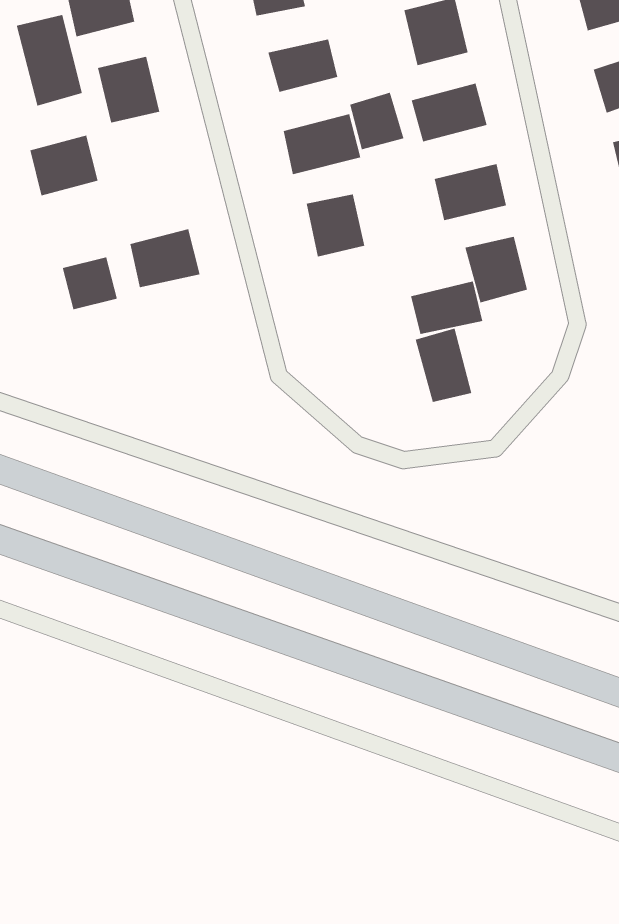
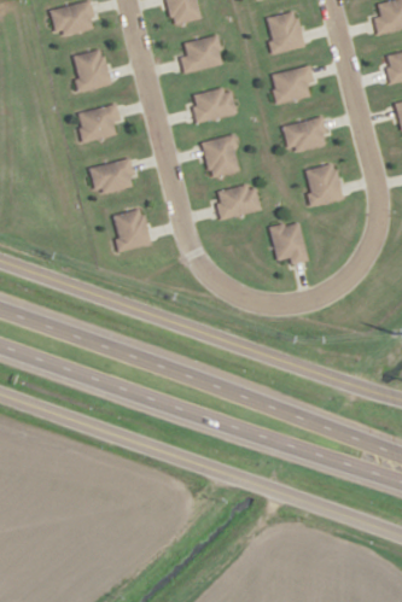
building: [16,14,82,107] -> none
building: [349,92,404,150] -> none
building: [29,135,98,196] -> [77,103,121,141]
building: [62,256,118,310] -> none
building: [410,281,483,335] -> [215,183,261,217]
building: none -> [110,208,151,252]

